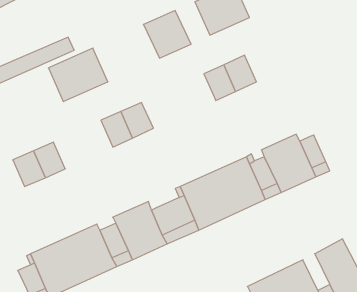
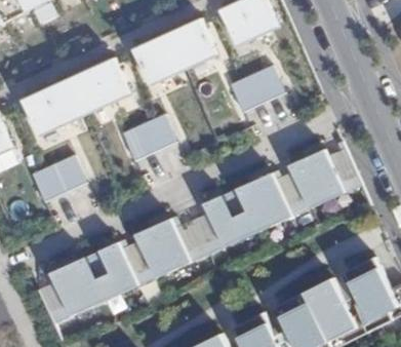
building: none -> [132,33,183,84]
building: none -> [23,78,83,134]

